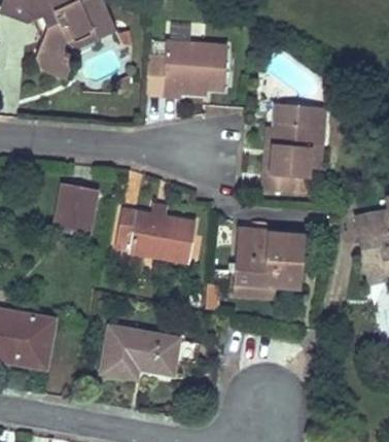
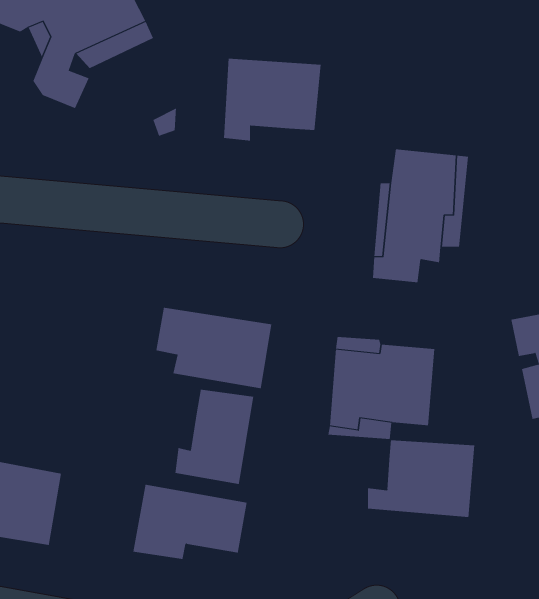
building: [56,183,97,237] -> none
building: none -> [175,389,254,485]
building: none -> [367,440,475,518]

